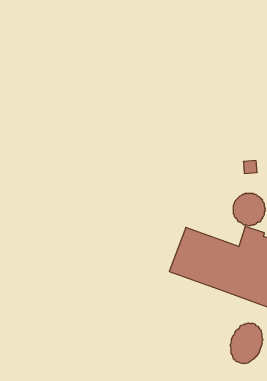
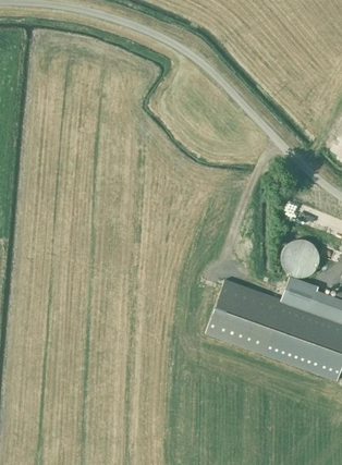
building: [230,323,263,364] -> none

